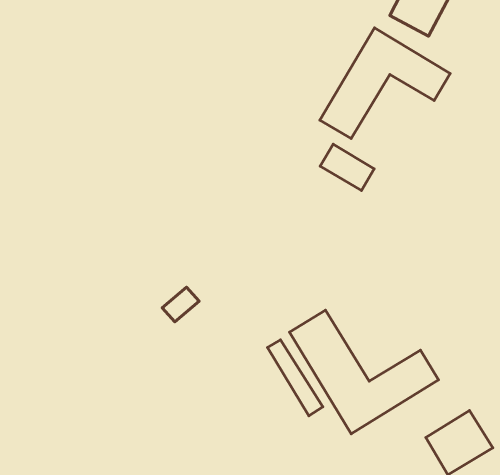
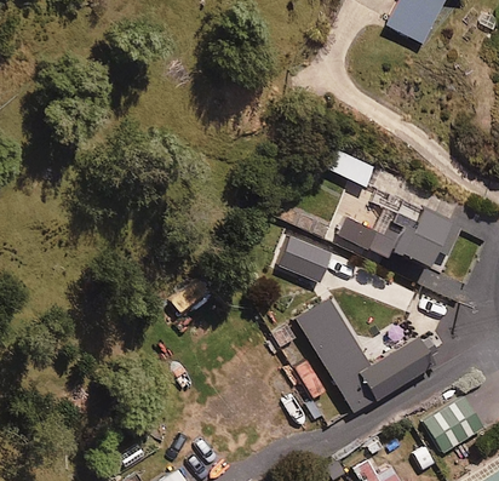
building: [320,28,450,139] -> none
building: none -> [338,210,464,275]
building: none -> [277,235,332,282]

